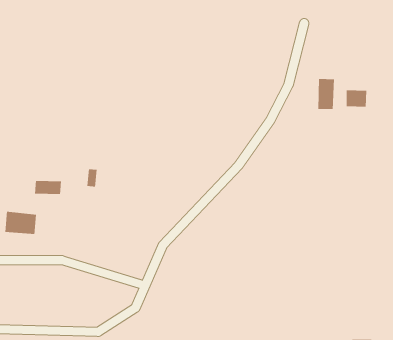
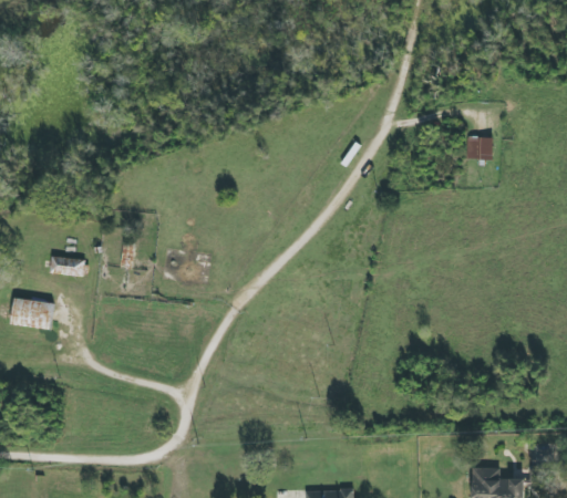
building: [318,78,334,110] -> none

